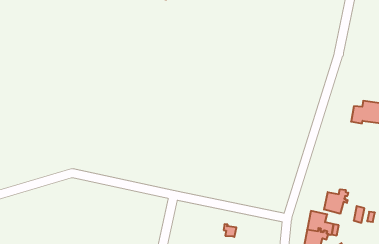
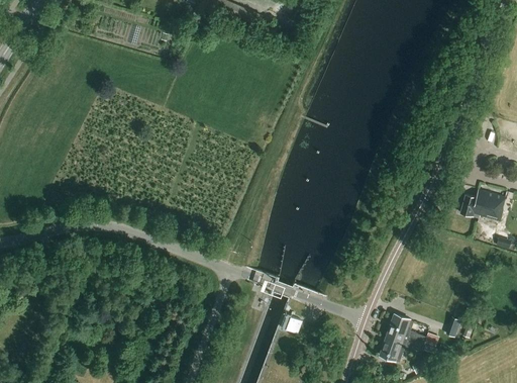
building: [324,189,348,214] -> none

